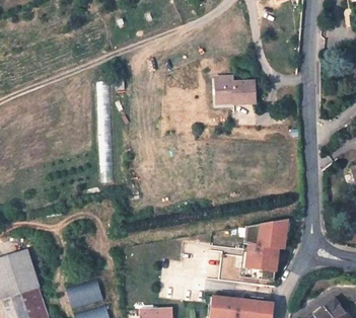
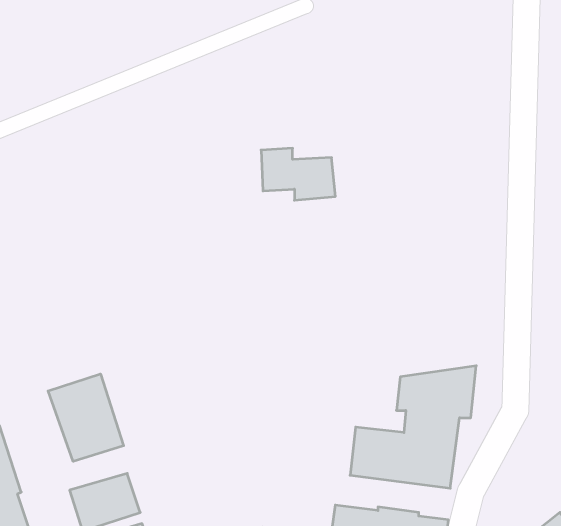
building: [215,75,256,103] -> [261,148,335,200]
building: none -> [48,374,124,461]

